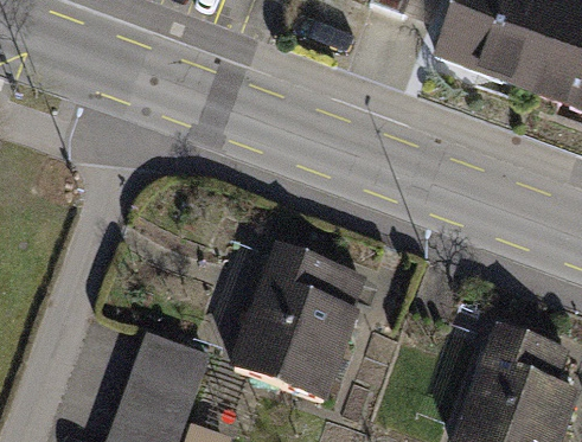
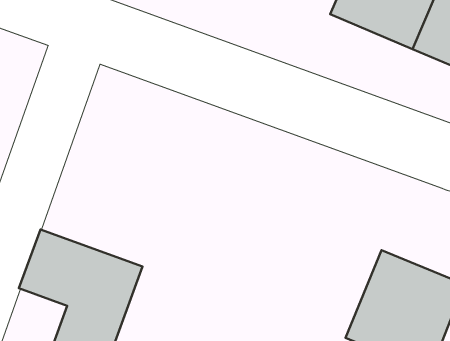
building: [236,244,375,399] -> none

